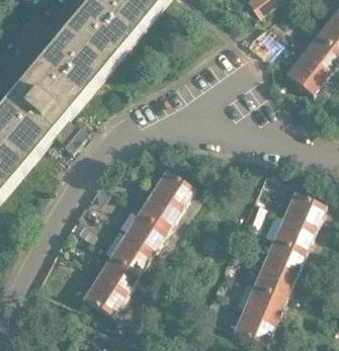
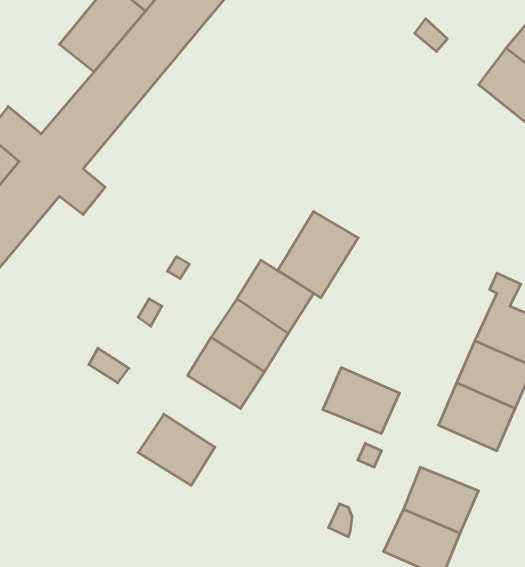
building: [25,50,73,99] -> none
building: none -> [278,211,358,298]
building: [111,233,154,272] -> none
building: [253,260,295,296] -> [323,368,400,433]
building: [83,275,126,316] -> none

